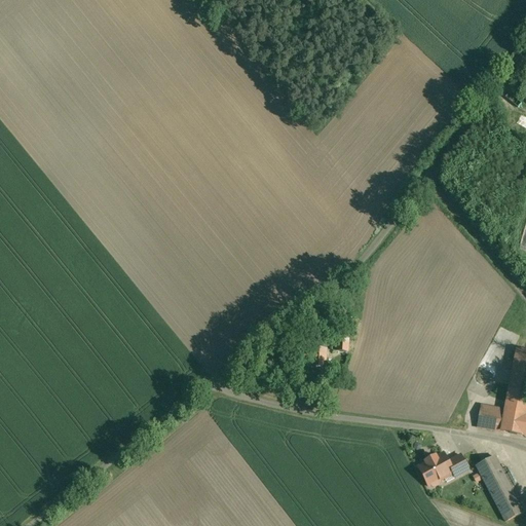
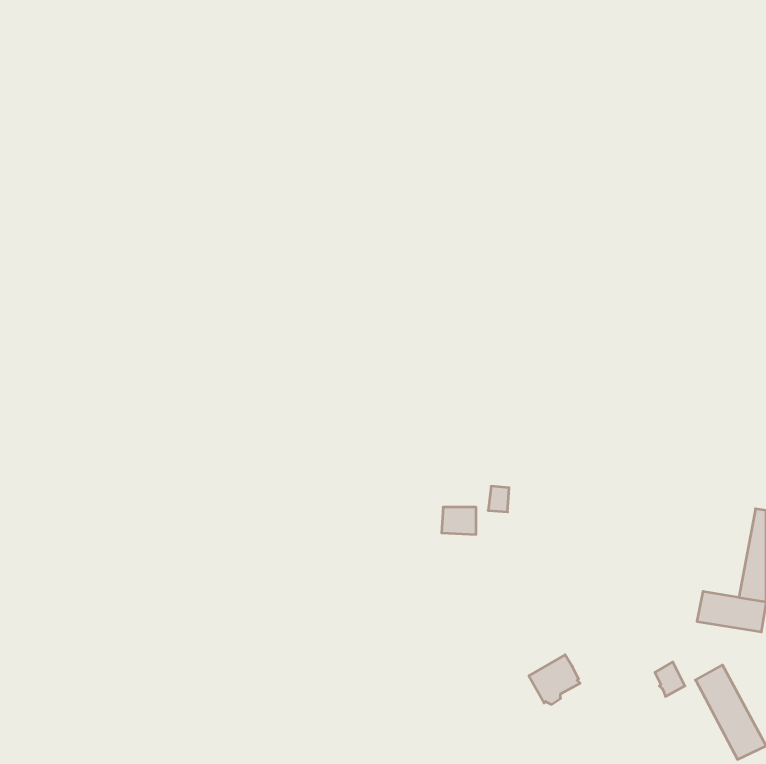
building: [418,452,453,486] -> [529,655,580,704]

